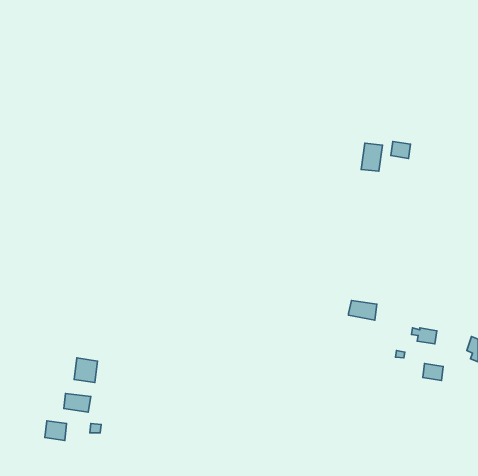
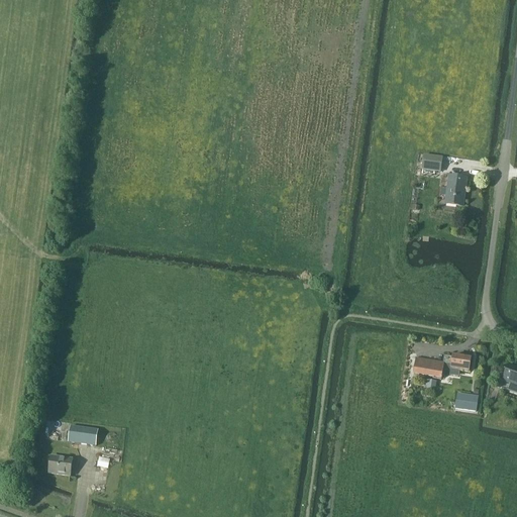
building: [361,143,383,171] -> [443,174,467,204]
building: [349,300,377,320] -> [413,356,443,378]
building: [74,358,97,383] -> none

